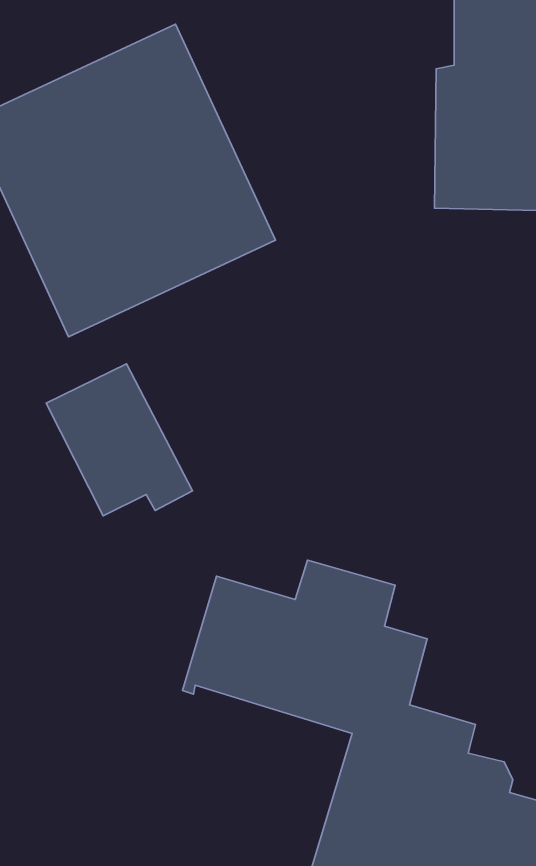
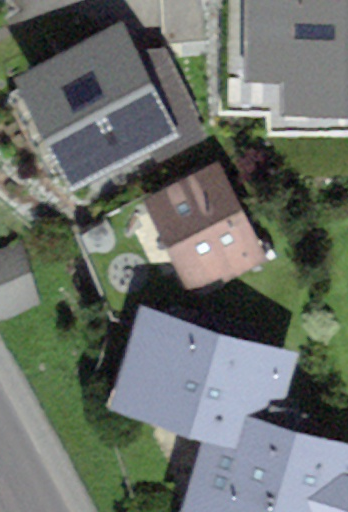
building: [46,364,193,516] -> [161,180,243,265]

